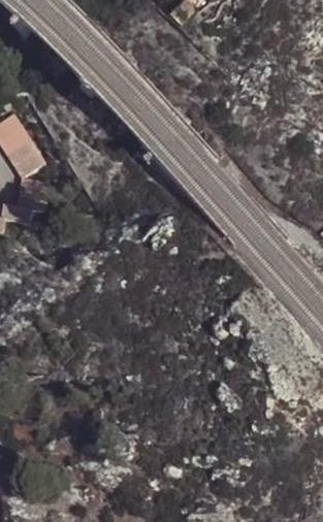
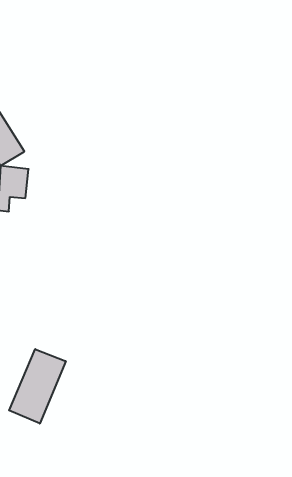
building: none -> [9,349,66,424]

